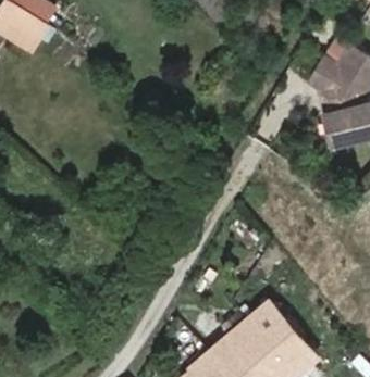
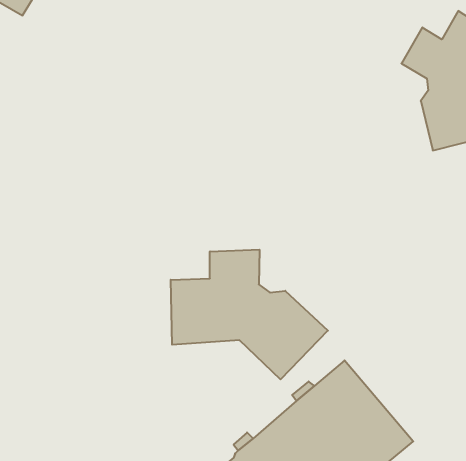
building: none -> [171,250,328,379]

